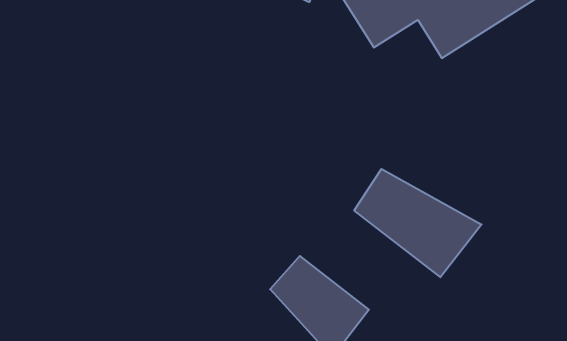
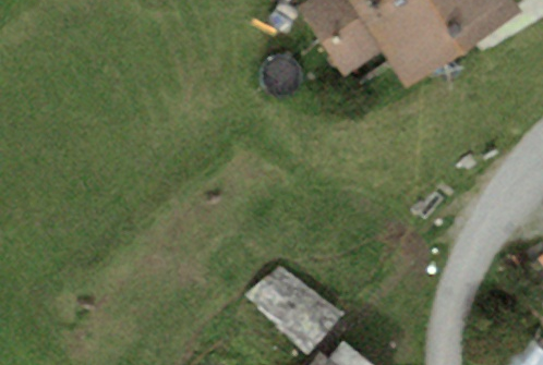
building: [354,169,482,277] -> none

